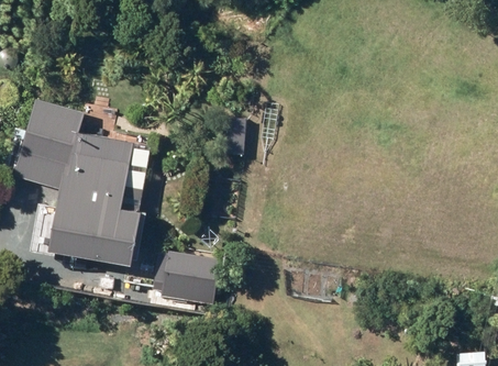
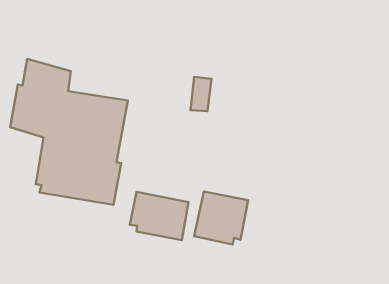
building: none -> [194,191,248,244]

